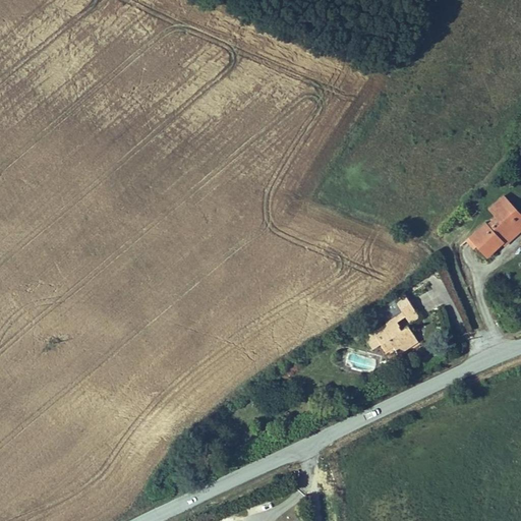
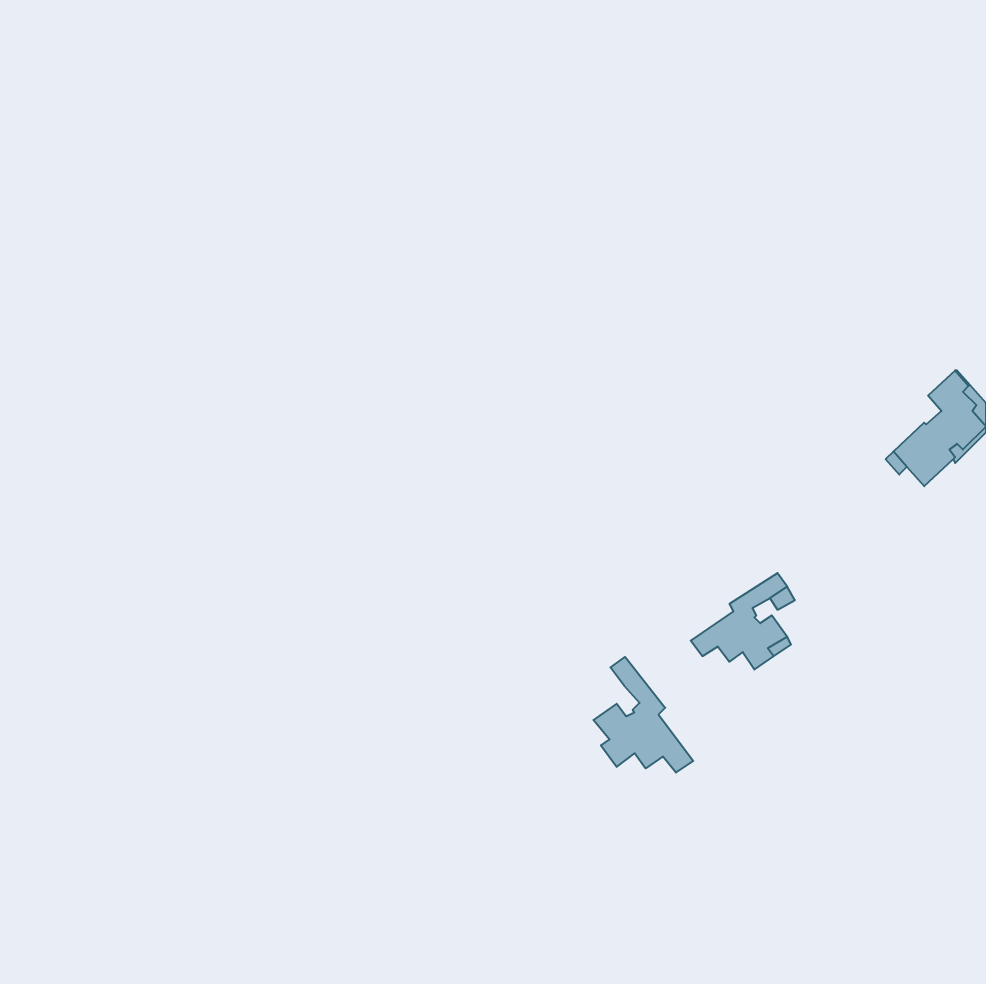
building: none -> [593,657,693,773]

